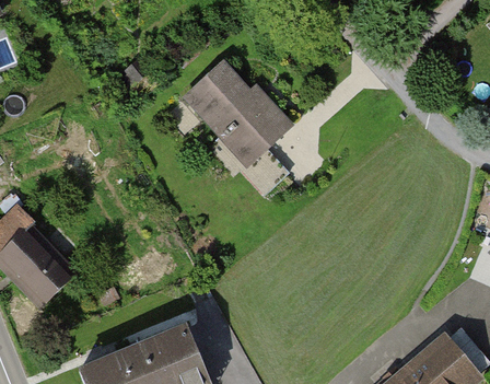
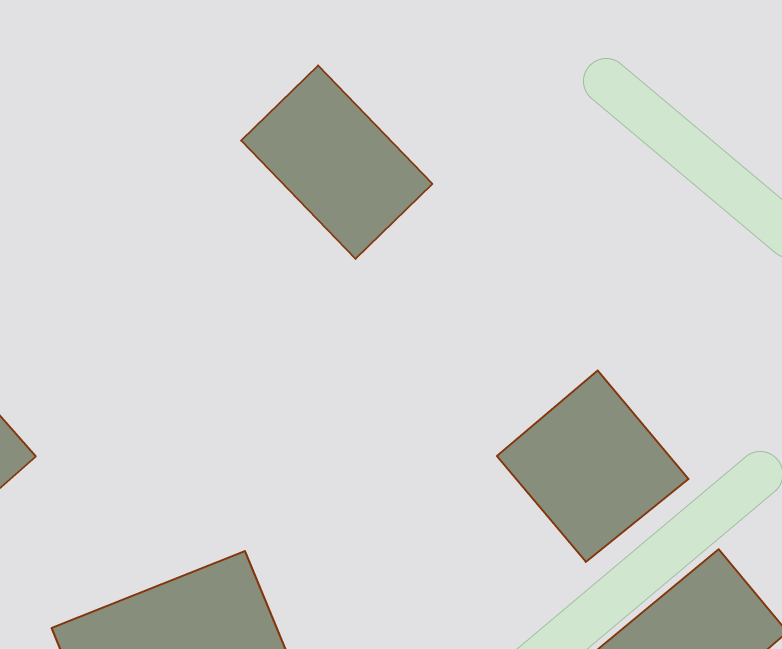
building: none -> [497,370,689,562]

